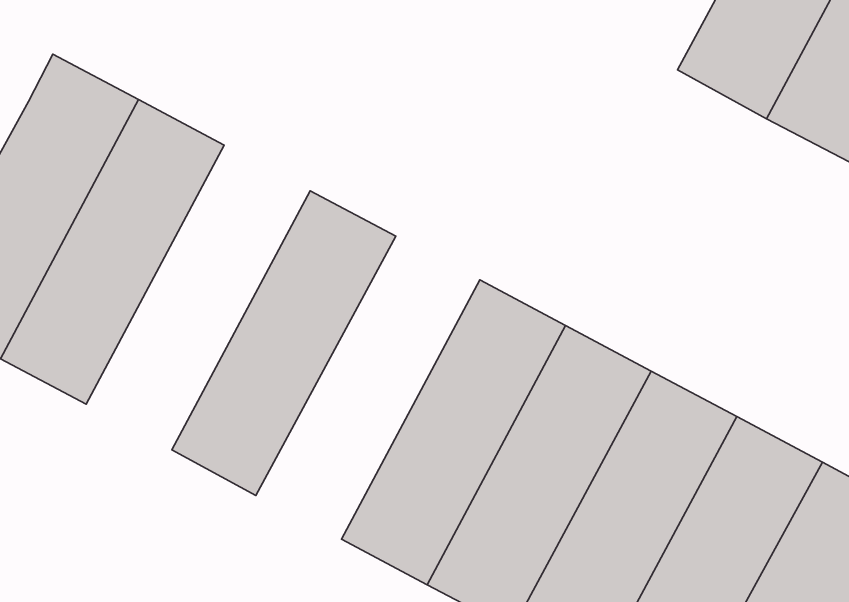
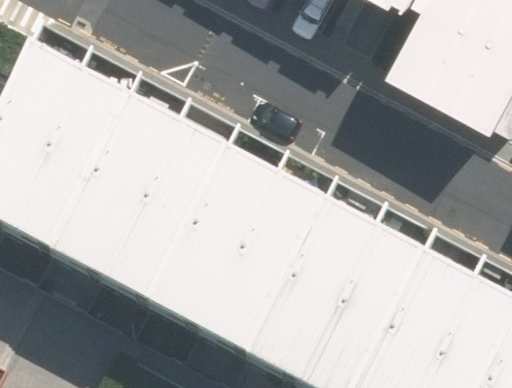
building: none -> [58,104,186,278]
building: none -> [155,156,283,329]

